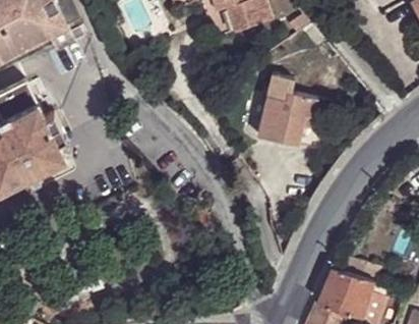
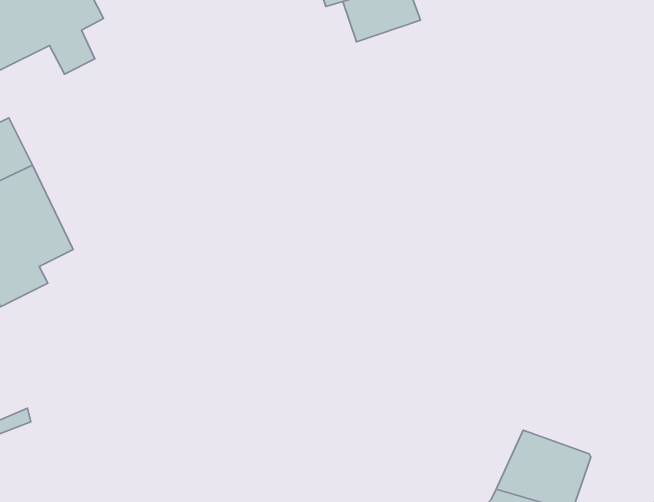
building: [257,75,316,145] -> none

